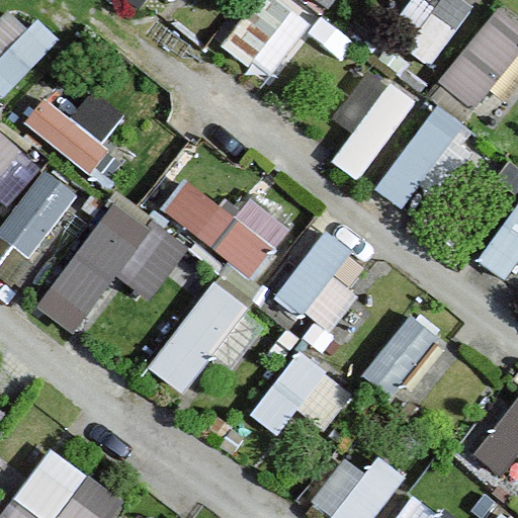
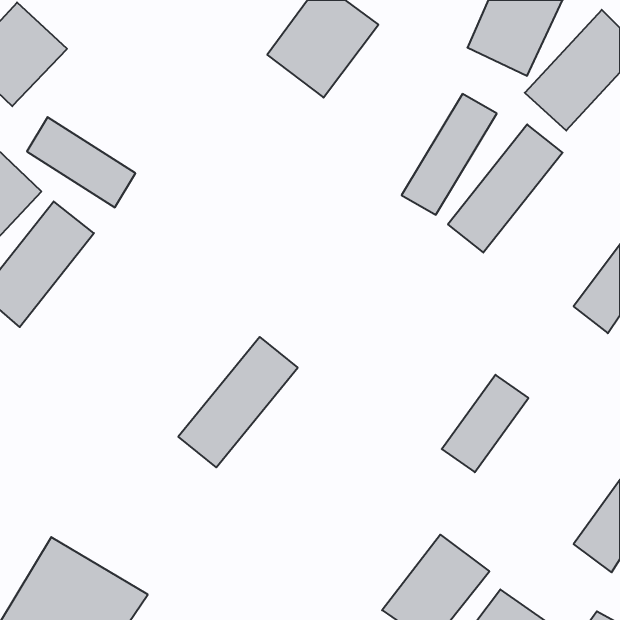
building: [159,180,294,281] -> none
building: [37,200,185,334] -> none
building: [276,233,371,330] -> none
building: [250,351,350,454] -> none

